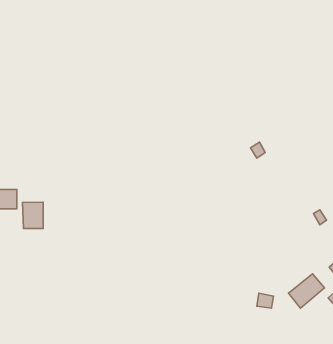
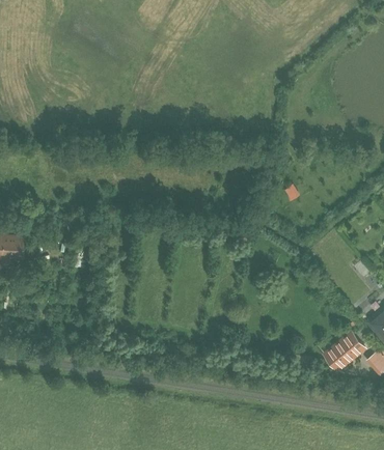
building: [23,202,43,229] -> none

